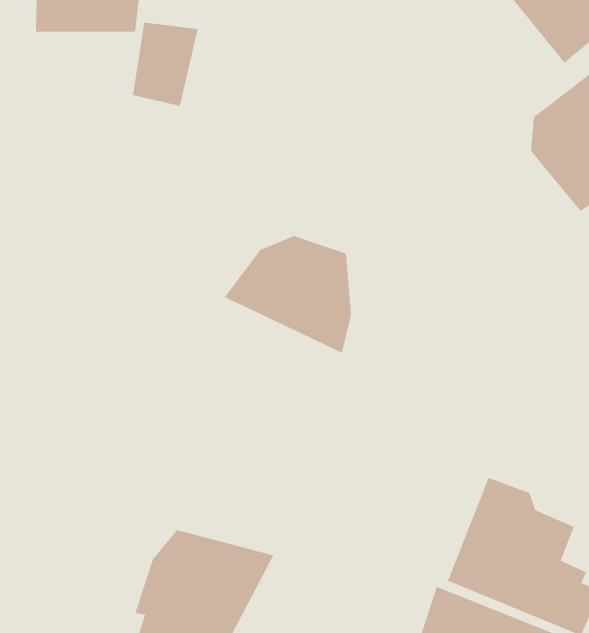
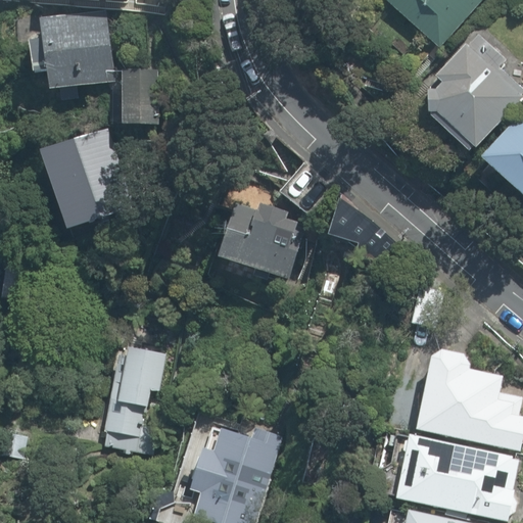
building: none -> [51,129,139,228]
building: none -> [333,192,378,247]
building: none -> [98,339,168,456]

